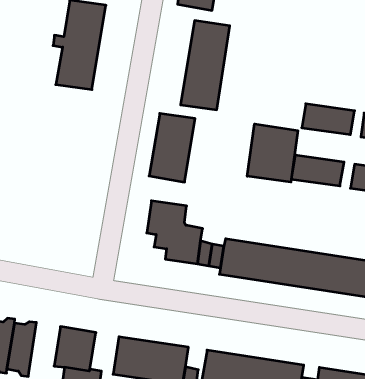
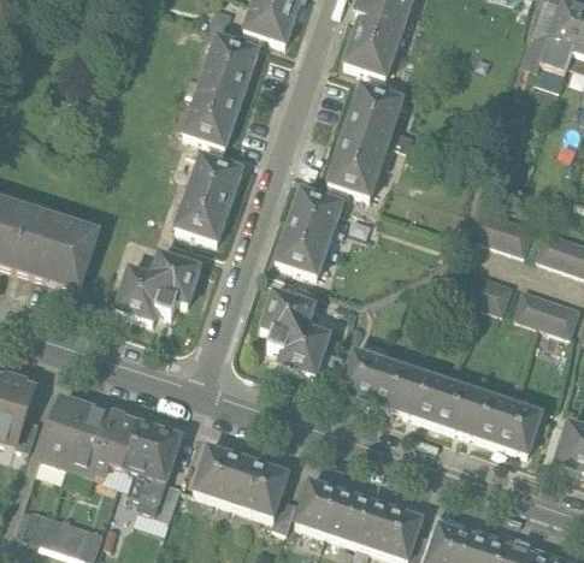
building: none -> [176,153,243,241]
building: [247,124,298,182] -> none
building: none -> [116,251,200,320]
building: none -> [93,408,140,473]

